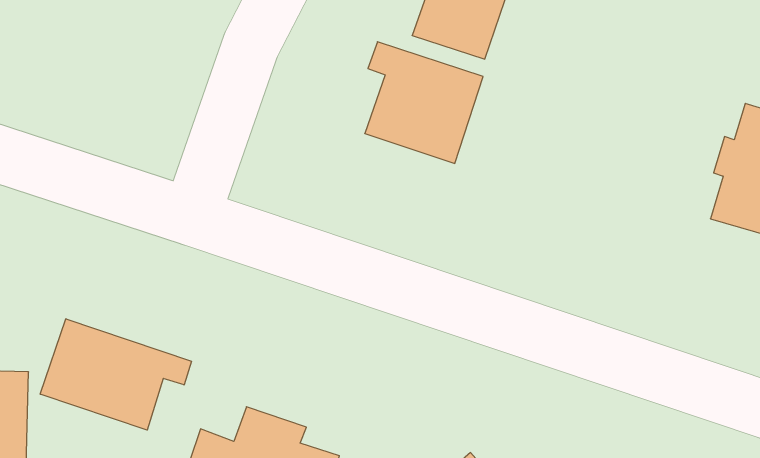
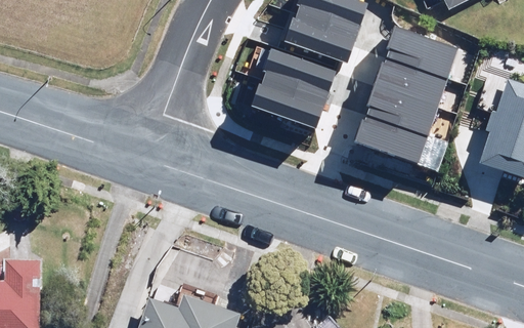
building: none -> [362,28,455,158]
building: [40,319,191,430] -> none

